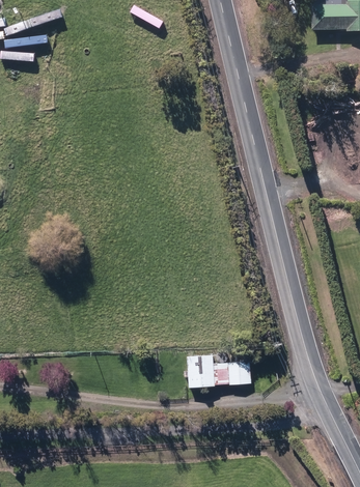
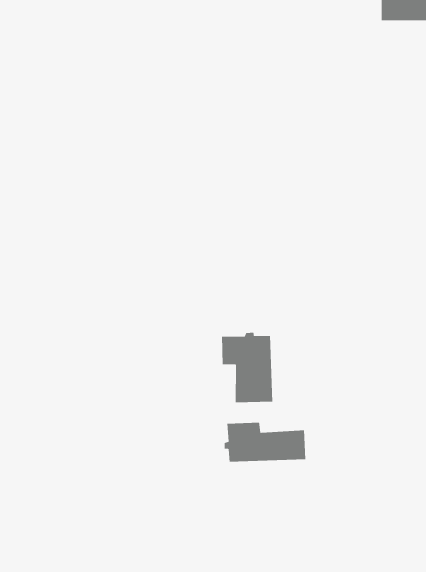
building: none -> [222,332,273,403]

